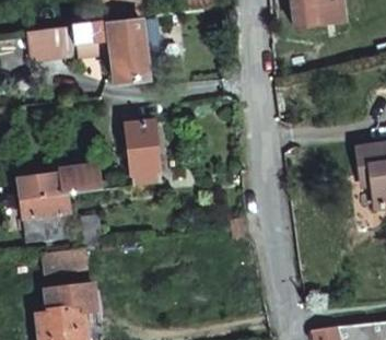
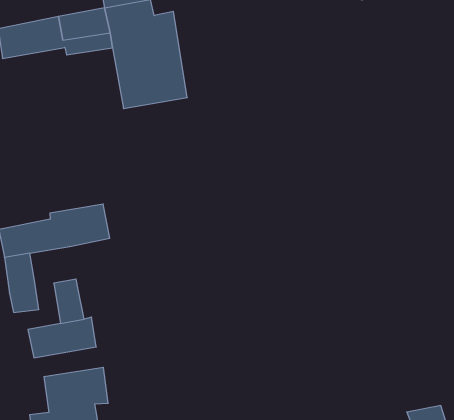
building: [125,119,157,186] -> none

